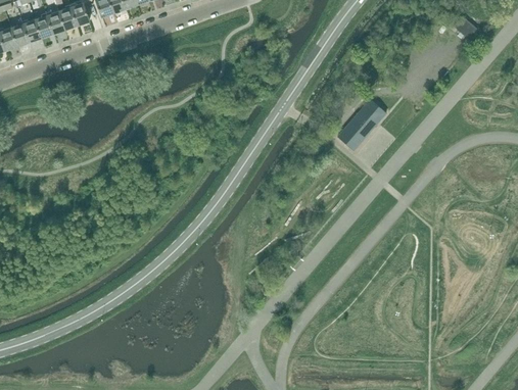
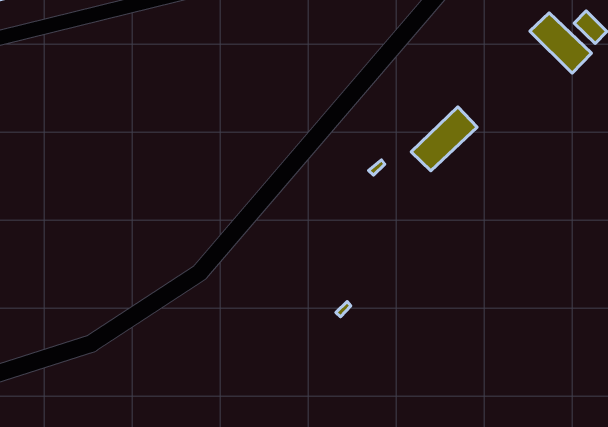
building: none -> [530,13,591,73]

